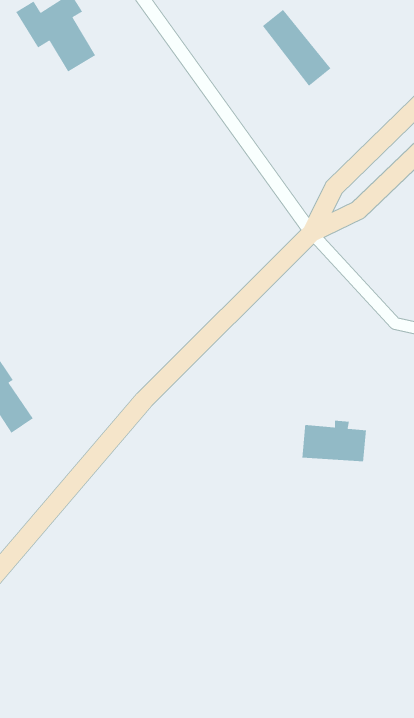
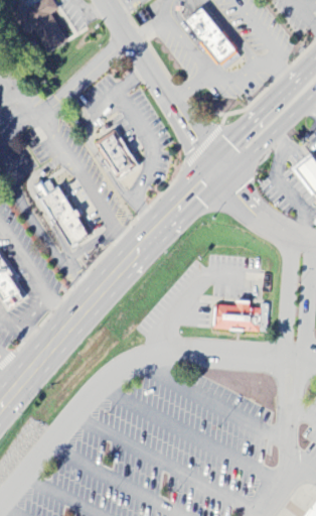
building: none -> [96,128,138,175]
building: none -> [41,185,90,245]

